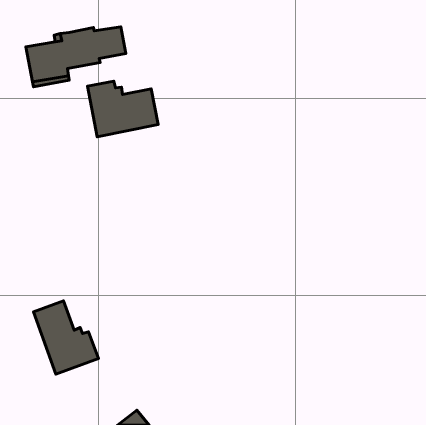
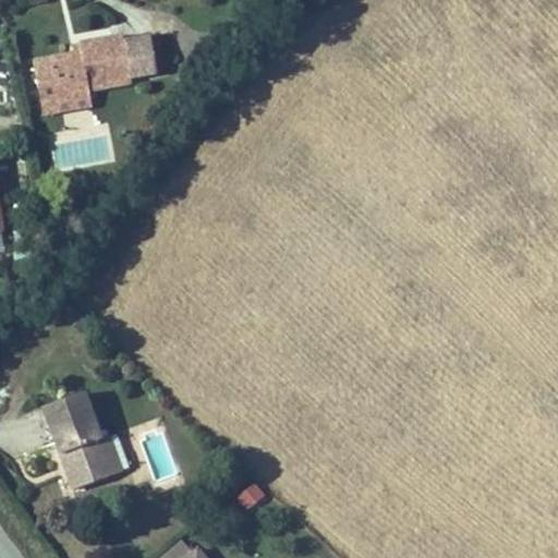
building: [88,81,158,137] -> none

